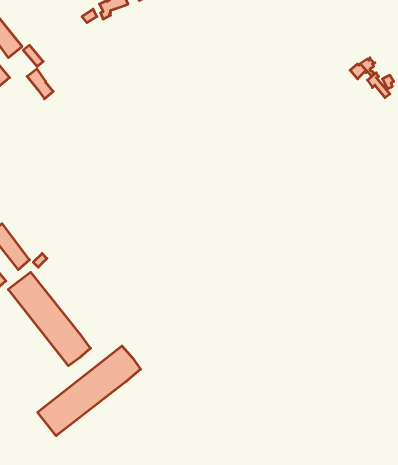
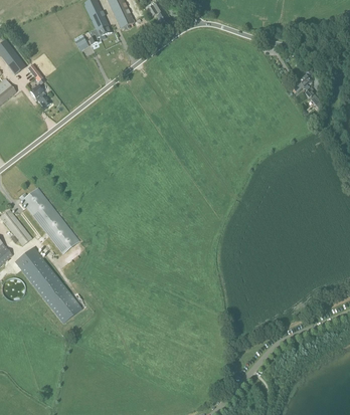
building: none -> [19,188,79,253]
building: [38,346,141,436] -> none

